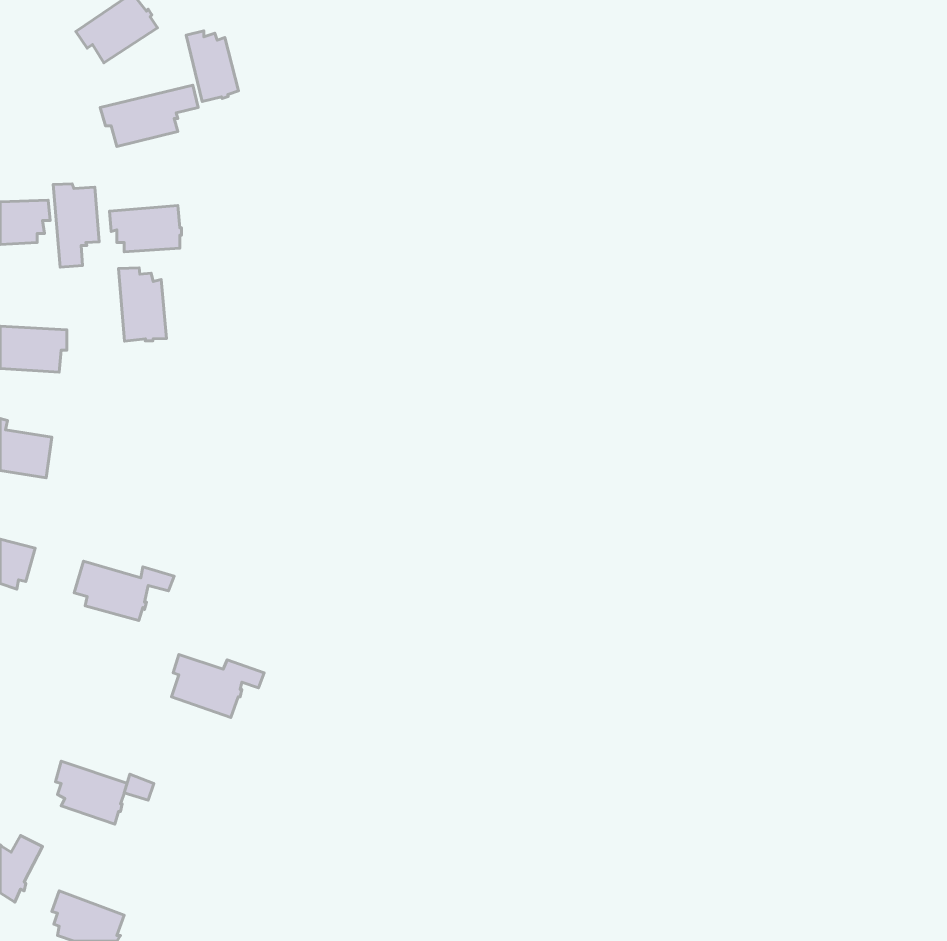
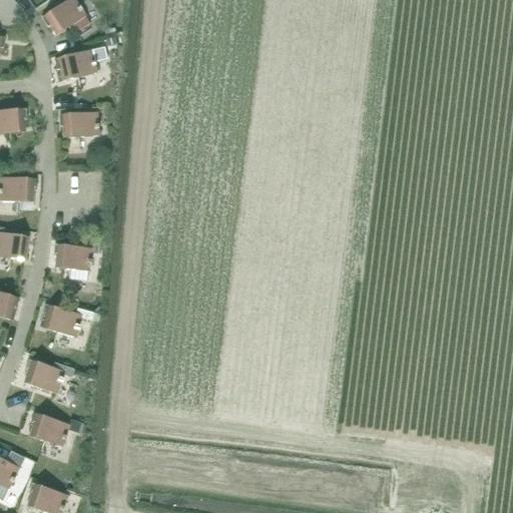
building: [186,31,239,101] -> none
building: [53,184,99,267] -> none
building: [118,268,166,341] -> none
building: none -> [53,243,91,280]
building: [171,654,264,717] -> [24,359,74,393]

